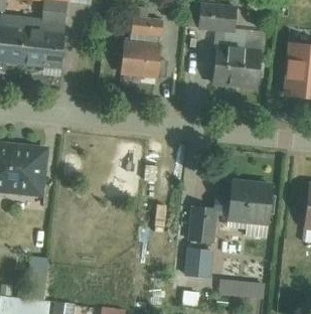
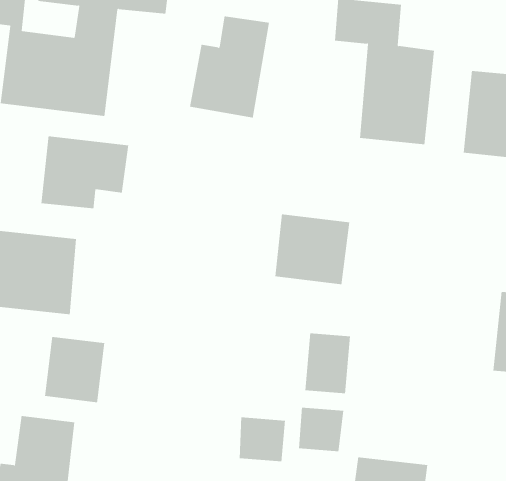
building: none -> [41,136,129,209]
building: [228,179,275,222] -> [274,214,350,285]
building: none -> [45,336,105,403]
building: none -> [239,416,285,462]

